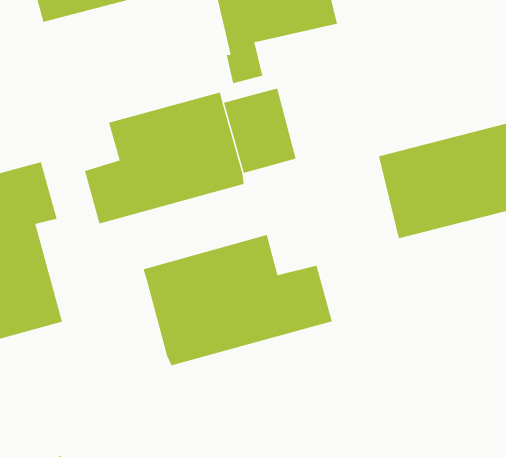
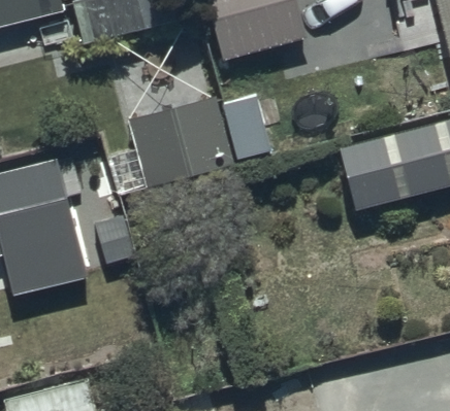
building: [143,234,333,366] -> none

